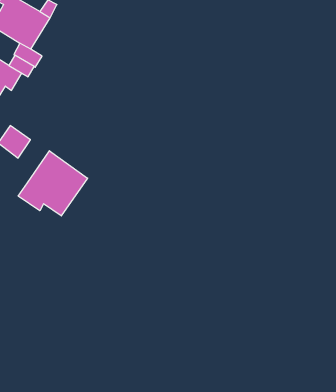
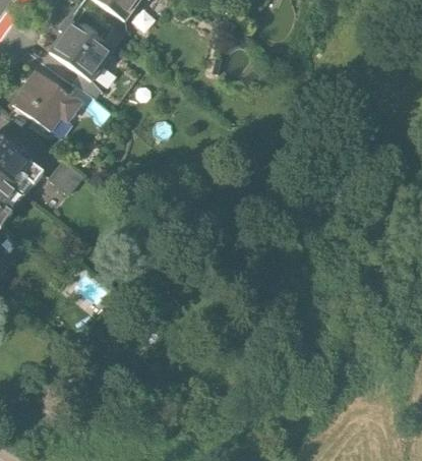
building: [18,151,88,216] -> none

